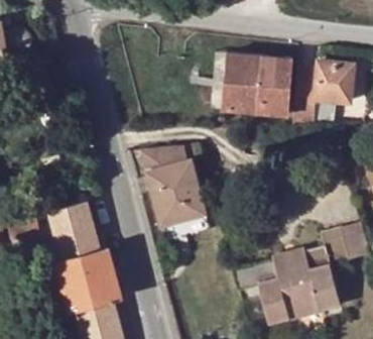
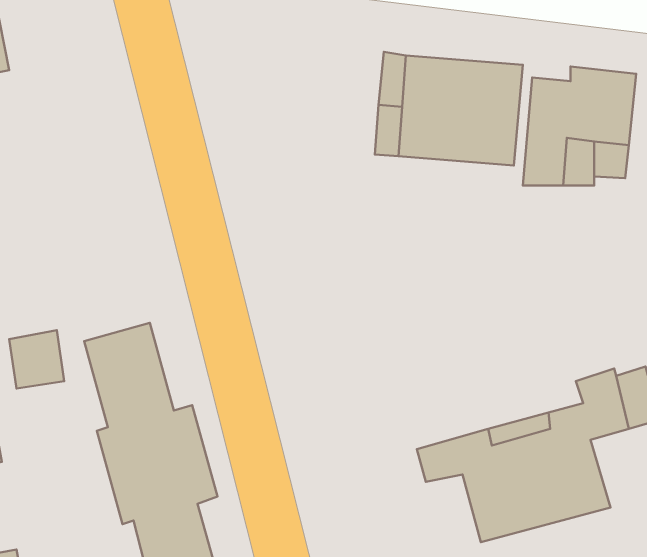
building: [140,143,207,242] -> none

